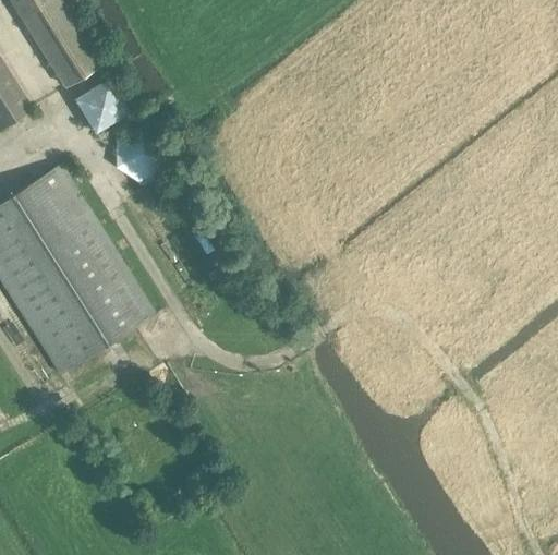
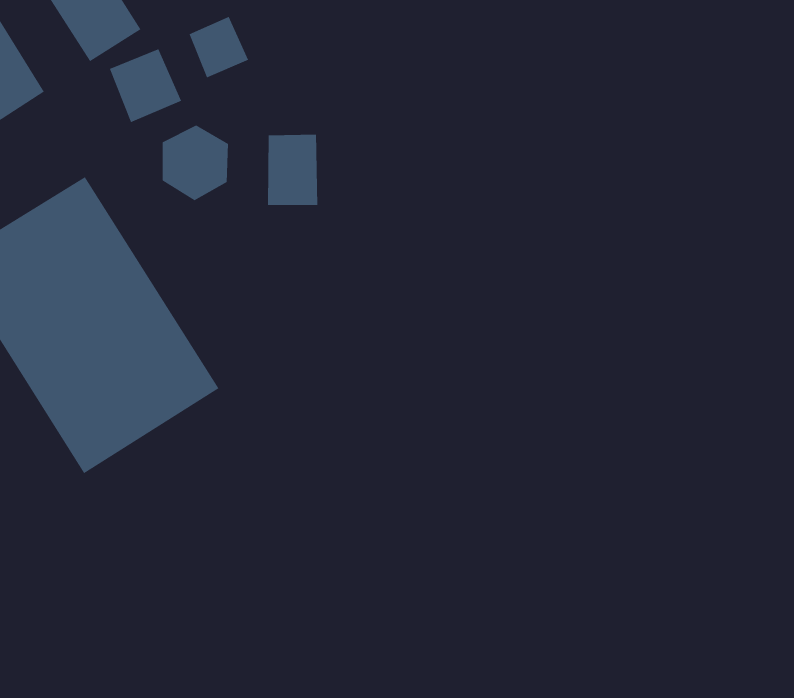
building: none -> [188,16,249,78]
building: none -> [267,134,318,206]

